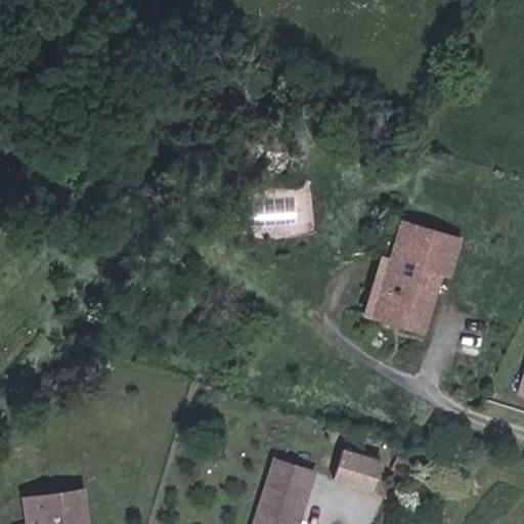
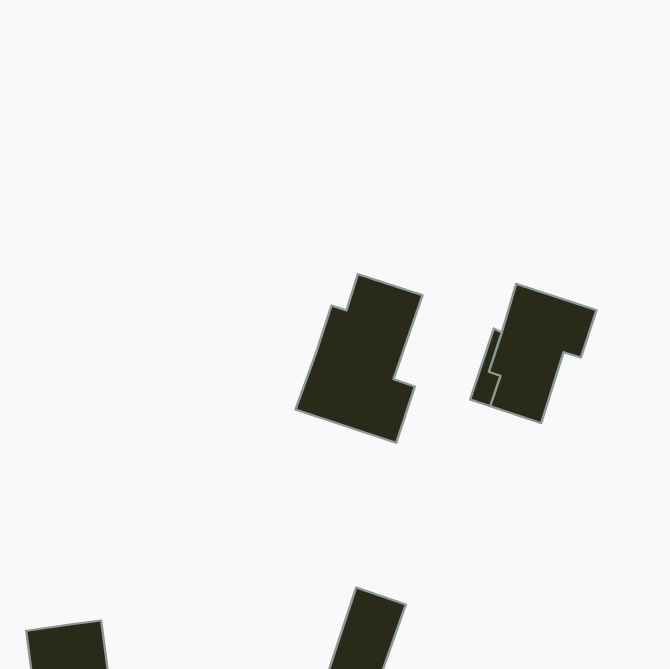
building: none -> [295,274,423,443]
building: [335,448,383,490] -> none

